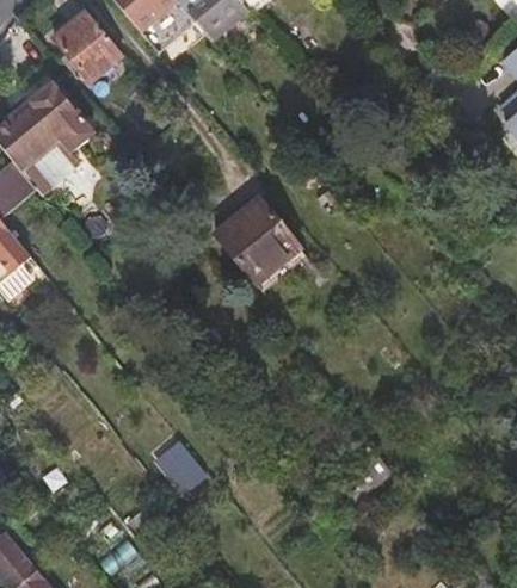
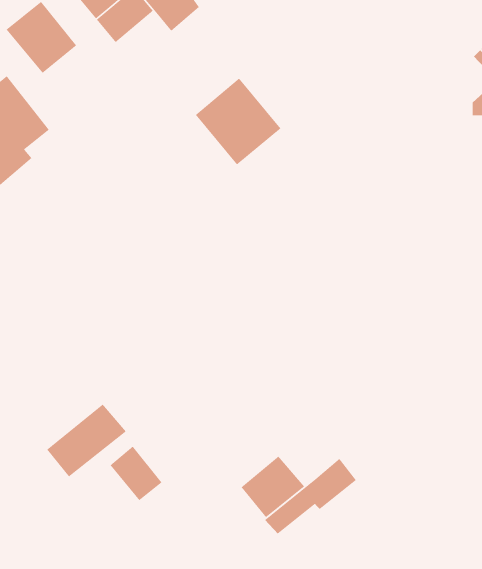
building: [216,197,300,281] -> [195,78,281,166]
building: none -> [46,403,127,478]
building: none -> [241,455,305,518]

